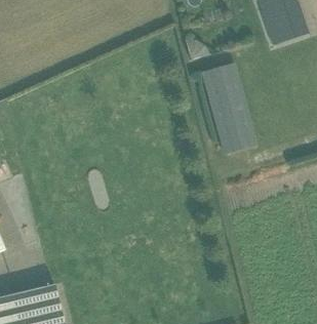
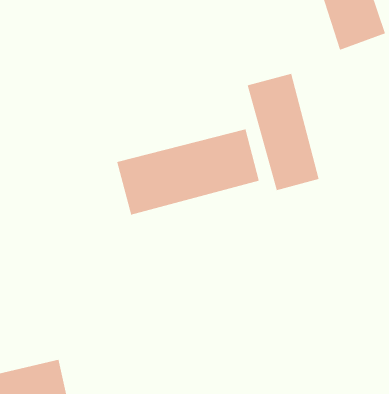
building: none -> [117,128,259,216]

